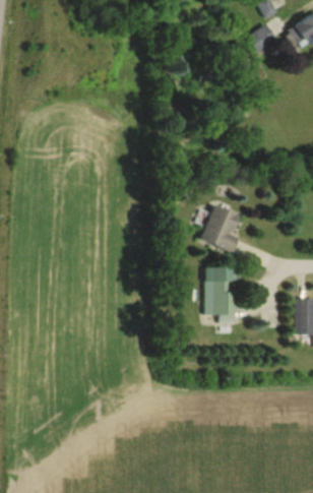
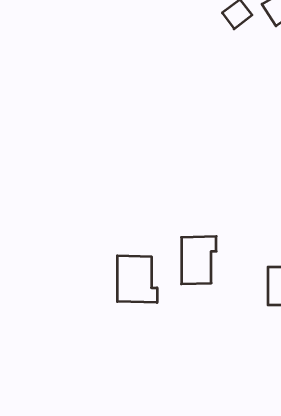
building: [200,204,240,252] -> none
building: none -> [117,256,157,303]

